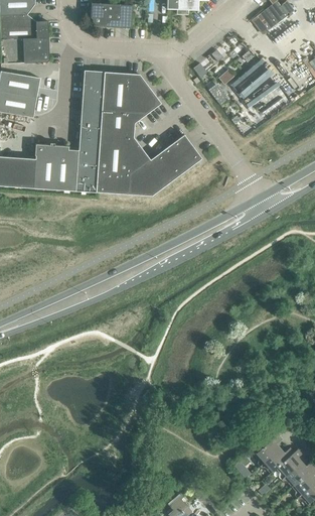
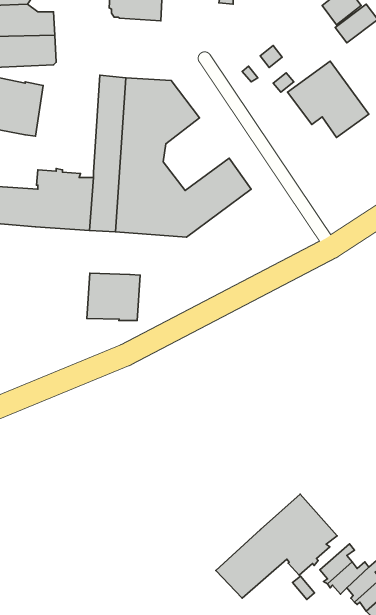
building: none -> [87,273,140,321]
building: none -> [216,494,337,598]

